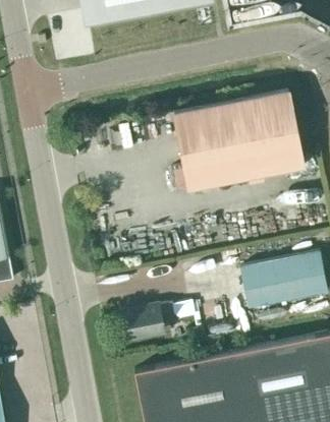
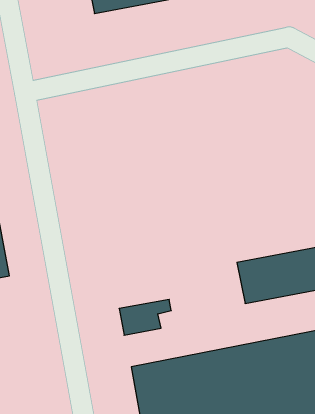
building: [173,91,301,189] -> none

